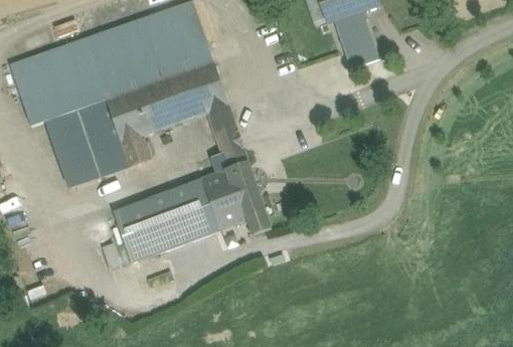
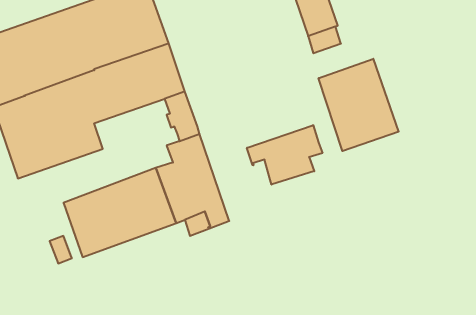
building: none -> [319,59,399,151]
building: none -> [247,125,322,185]

